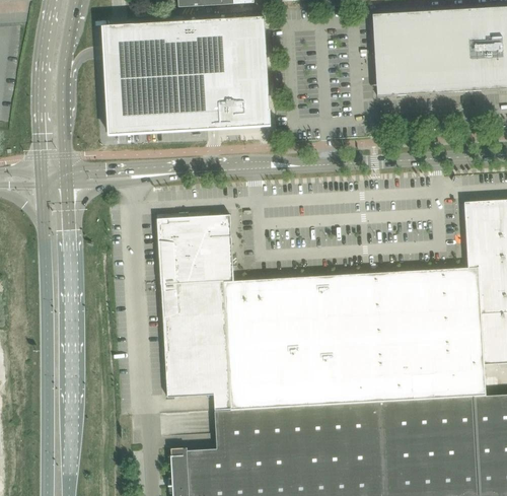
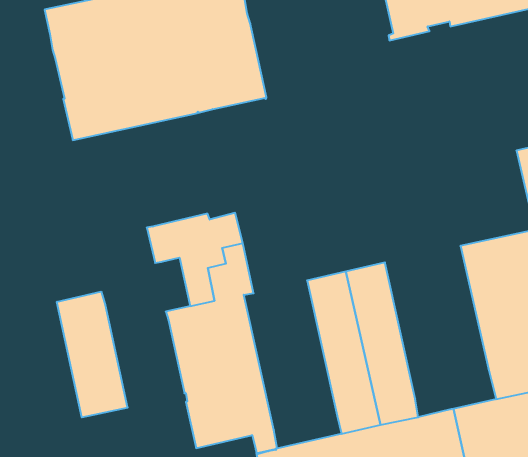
building: [159,243,182,285] -> none
building: none -> [57,292,128,417]
building: [344,272,415,404] -> none
building: [226,279,286,410] -> none

